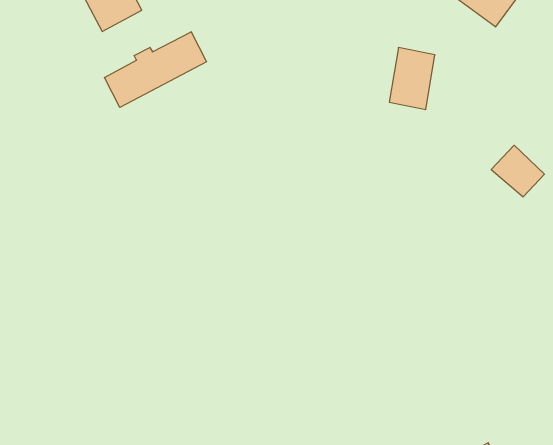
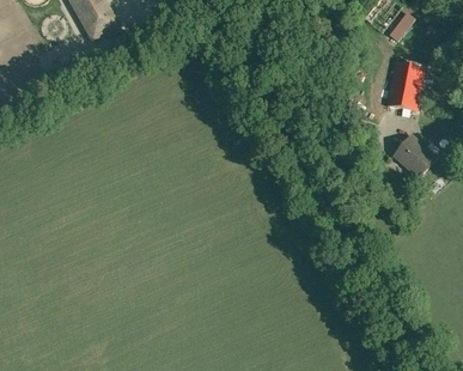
building: [104,32,207,107] -> none
building: [389,47,435,110] -> [391,60,427,109]

